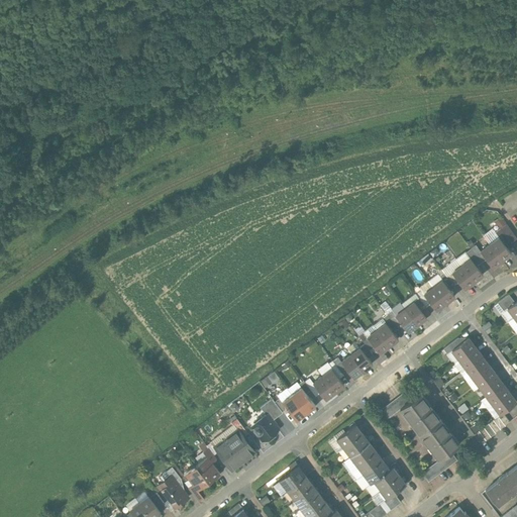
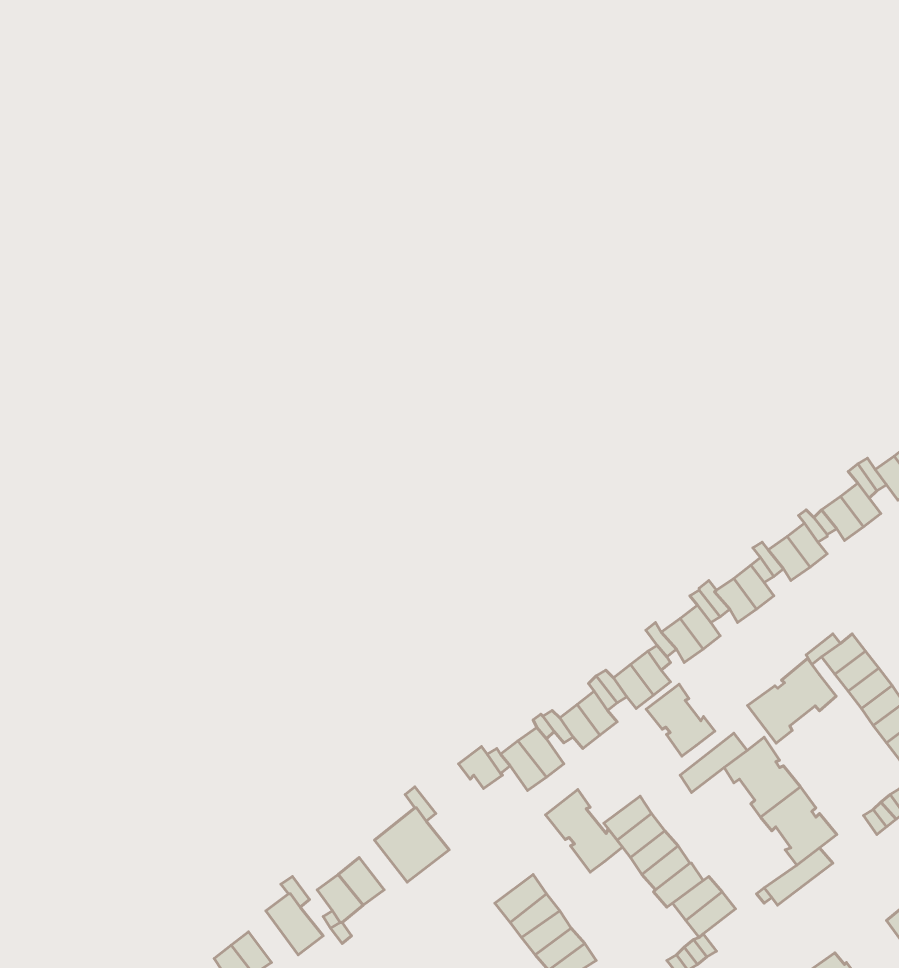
building: none -> [748,658,836,743]
building: none -> [646,684,715,756]
building: [254,414,278,441] -> none
building: none -> [545,790,623,872]

